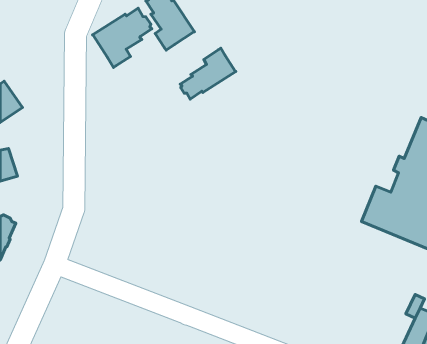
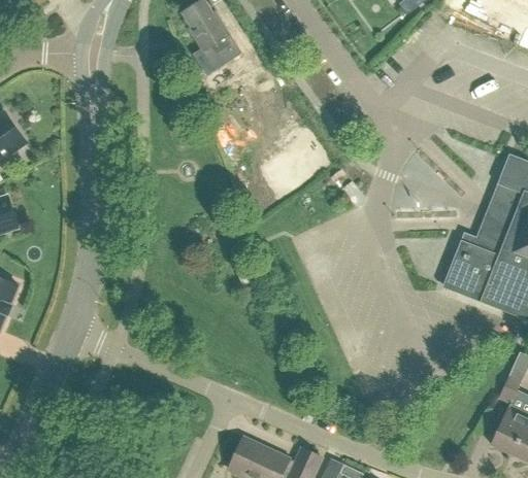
building: [92,8,152,67] -> none
building: [180,48,236,99] -> none

